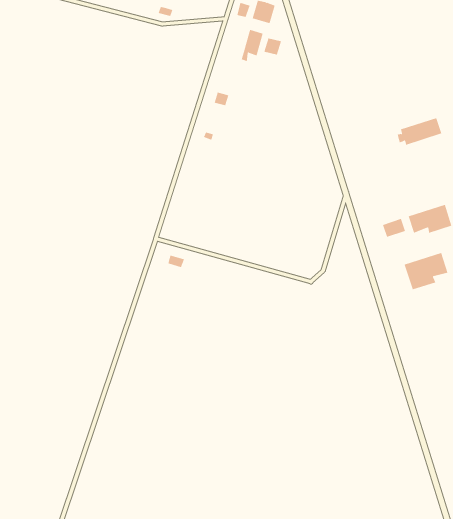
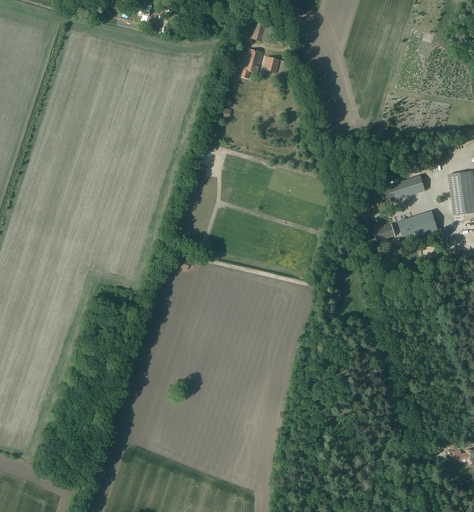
building: [397,117,442,145] -> [383,175,425,201]
building: [404,252,448,290] -> none

